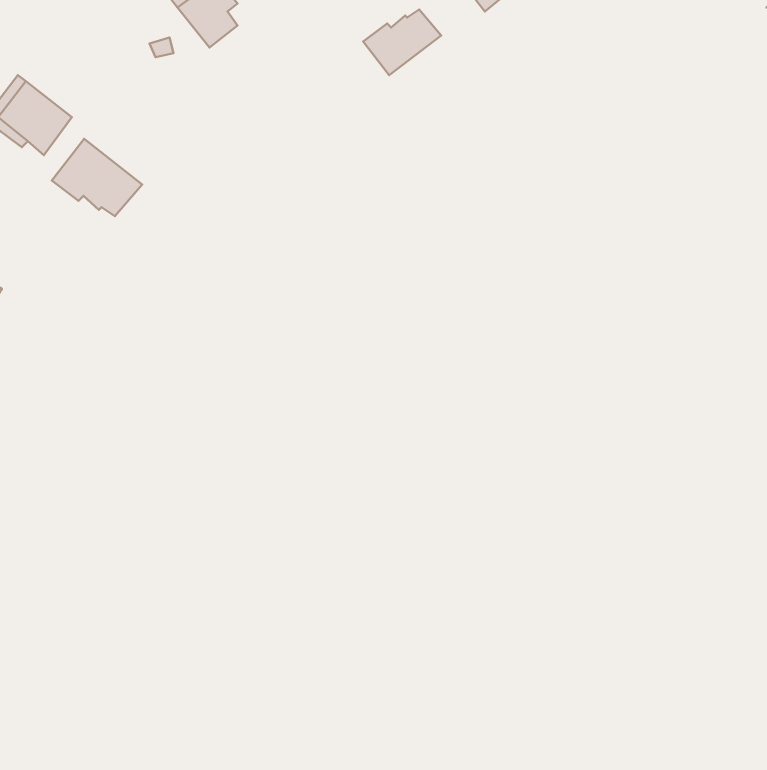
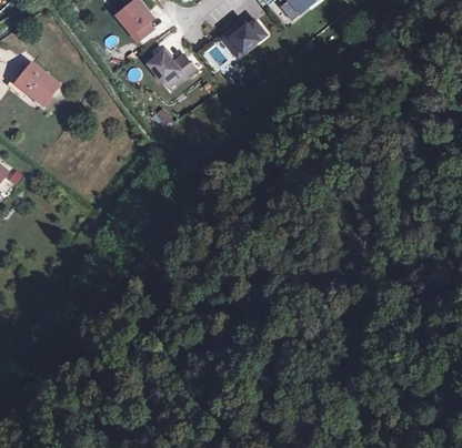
building: none -> [147,50,194,83]
building: [52,139,142,216] -> none

